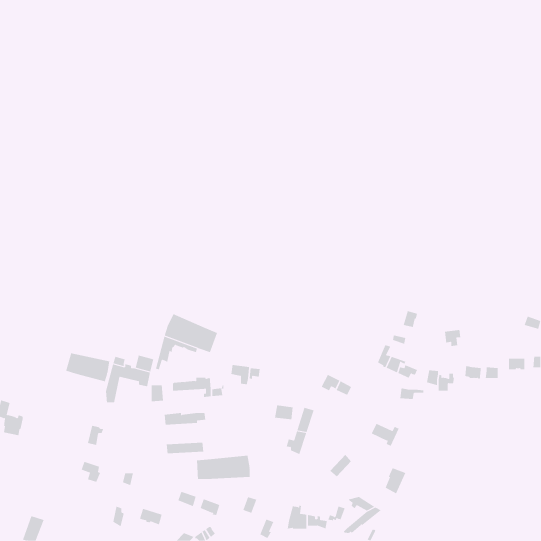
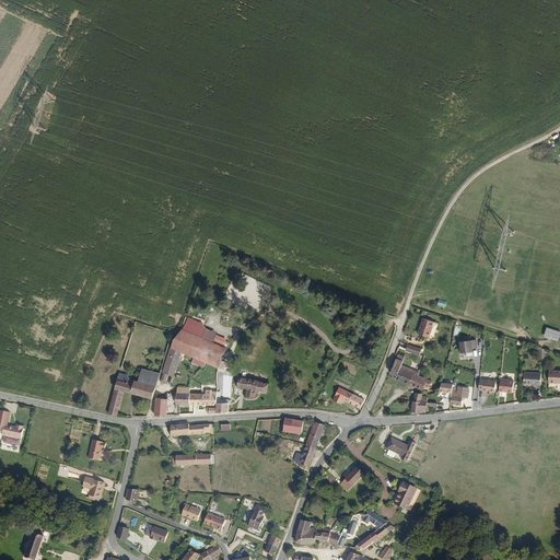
building: [66,352,110,382] -> none
building: [197,455,250,480] -> none

